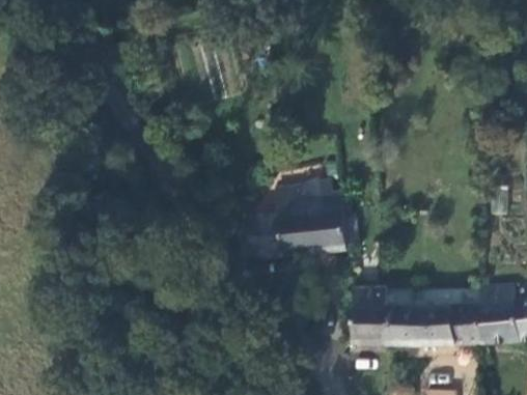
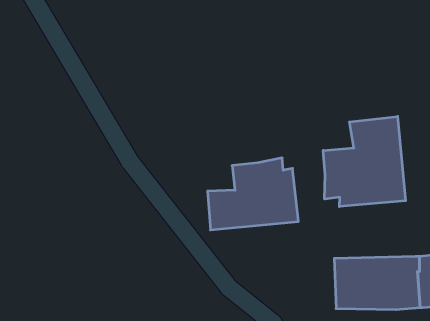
building: none -> [323,116,406,207]
building: [353,286,390,344] -> none

